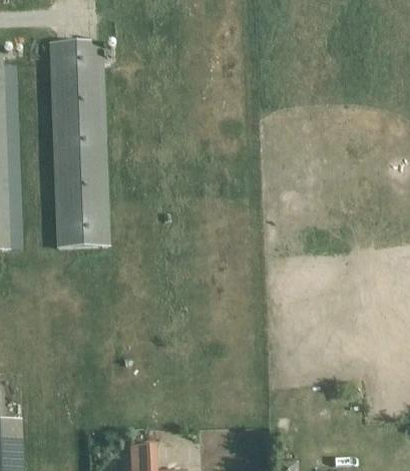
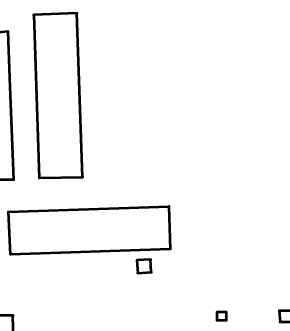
building: none -> [8,206,170,254]

